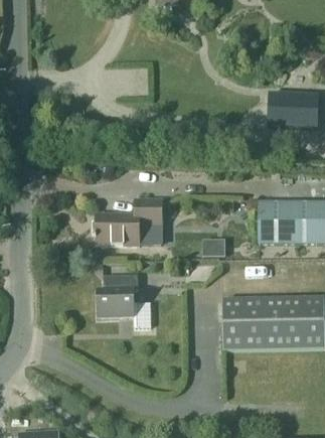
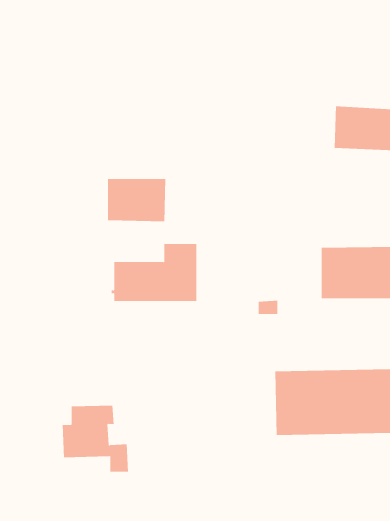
building: none -> [107,178,166,222]
building: [97,273,149,325] -> [62,405,129,472]

